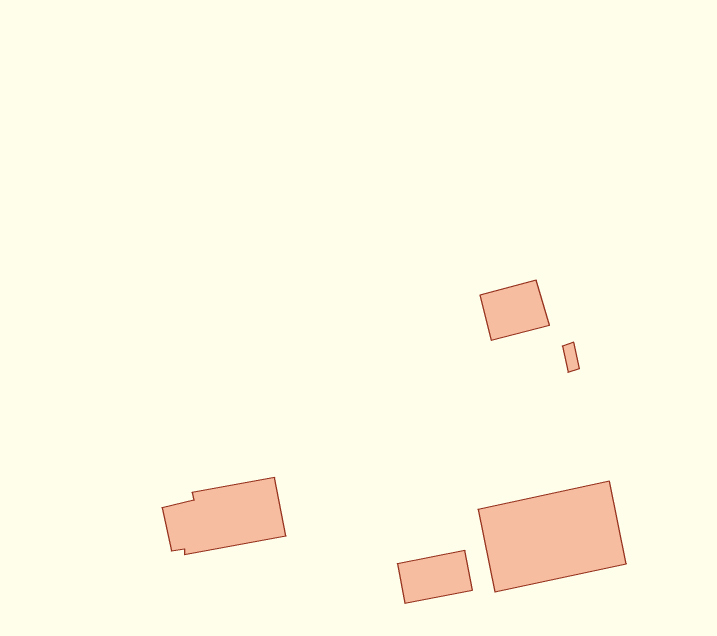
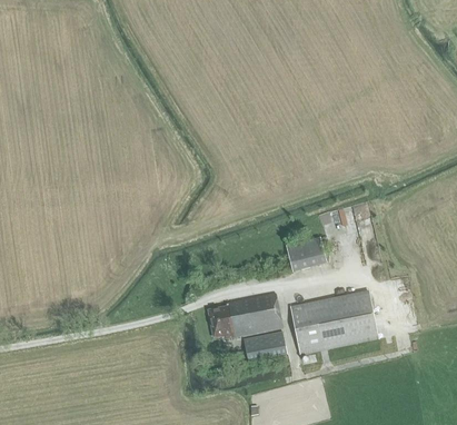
building: [480,280,549,340] -> [285,236,326,271]
building: [162,478,286,555] -> [208,293,281,338]

